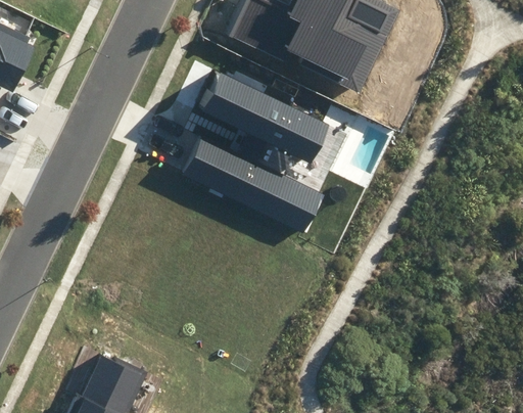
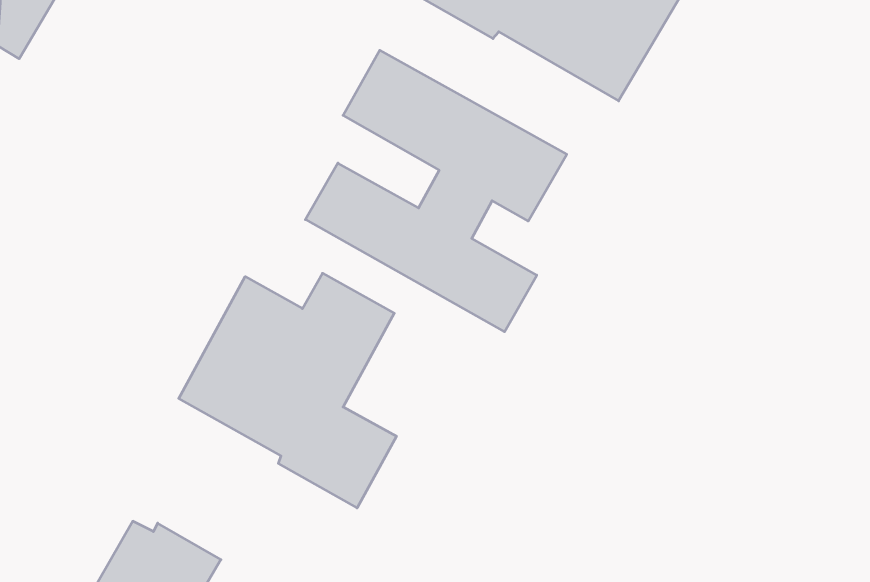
building: none -> [179,273,396,508]

